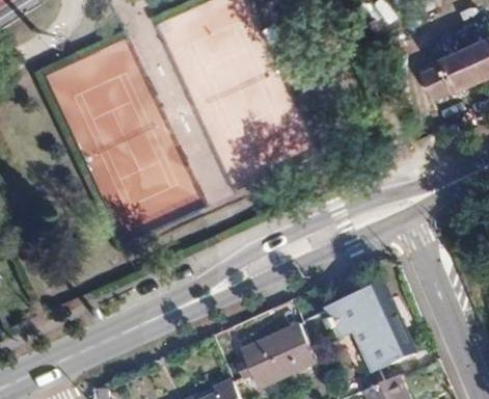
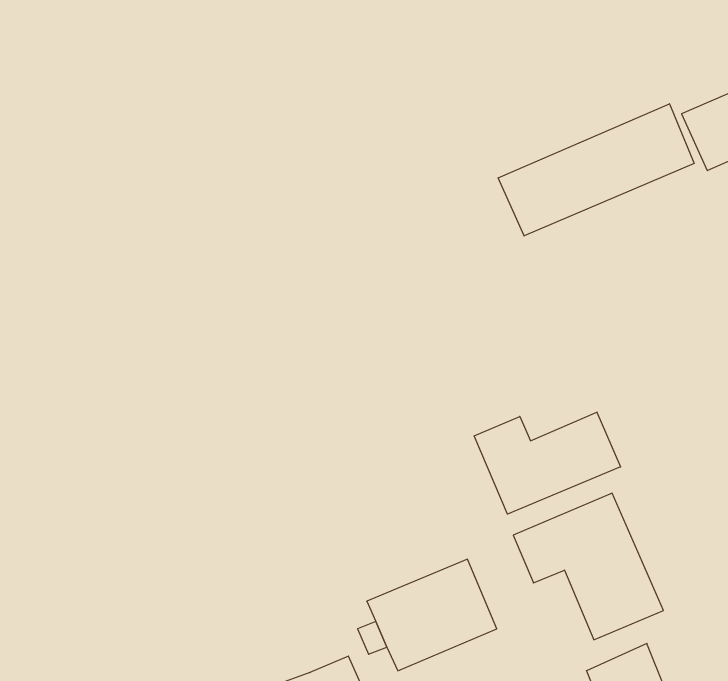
building: none -> [498,104,694,236]
building: none -> [474,412,621,514]

